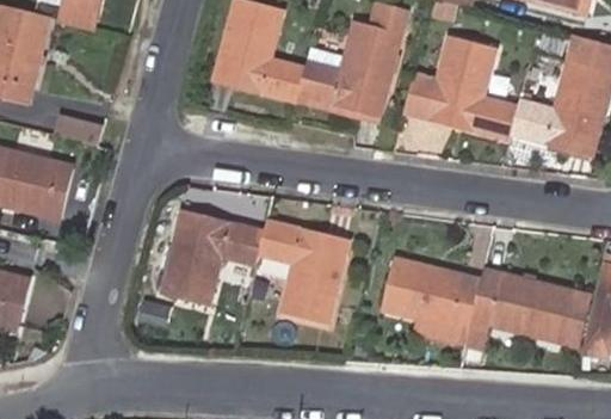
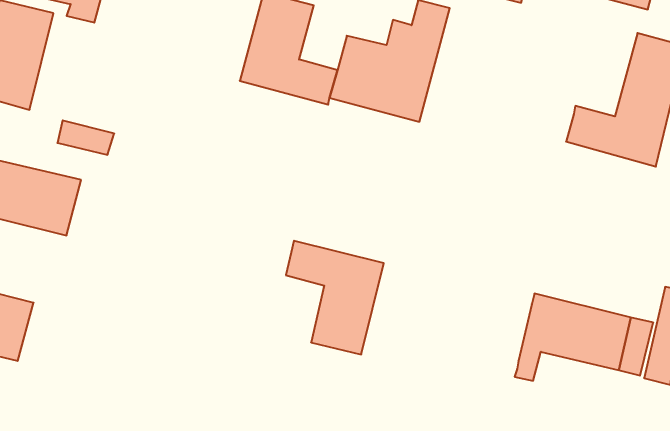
building: [406,36,519,140] -> none
building: [163,212,264,307] -> none
building: [382,259,481,341] -> none

